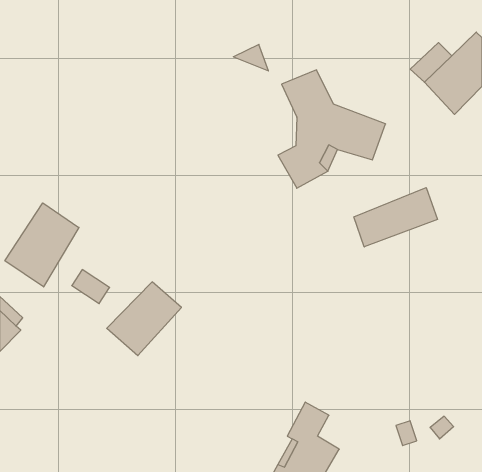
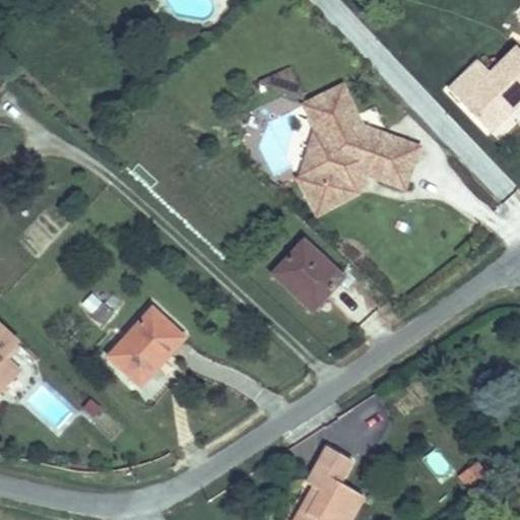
building: [354,188,437,247] -> none
building: [5,203,79,287] -> none
building: none -> [270,236,344,305]

